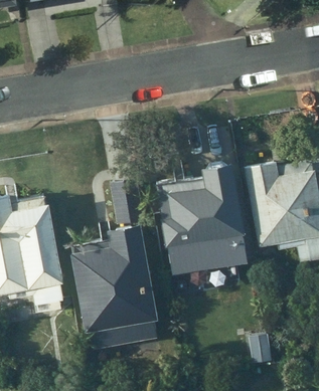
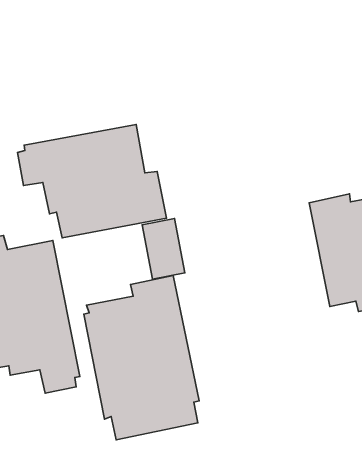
building: none -> [18,125,167,238]
building: [157,161,248,274] -> none

